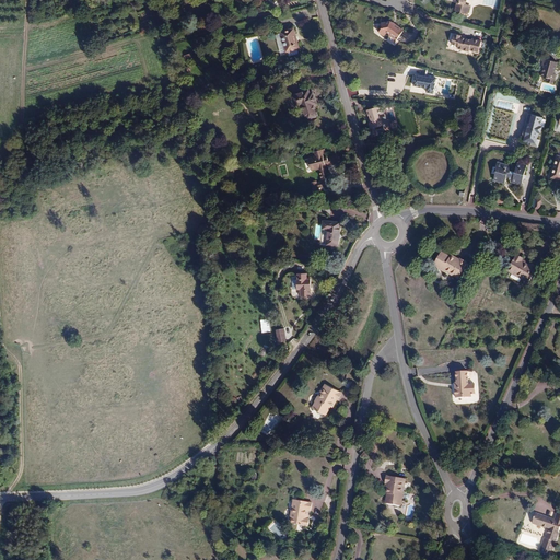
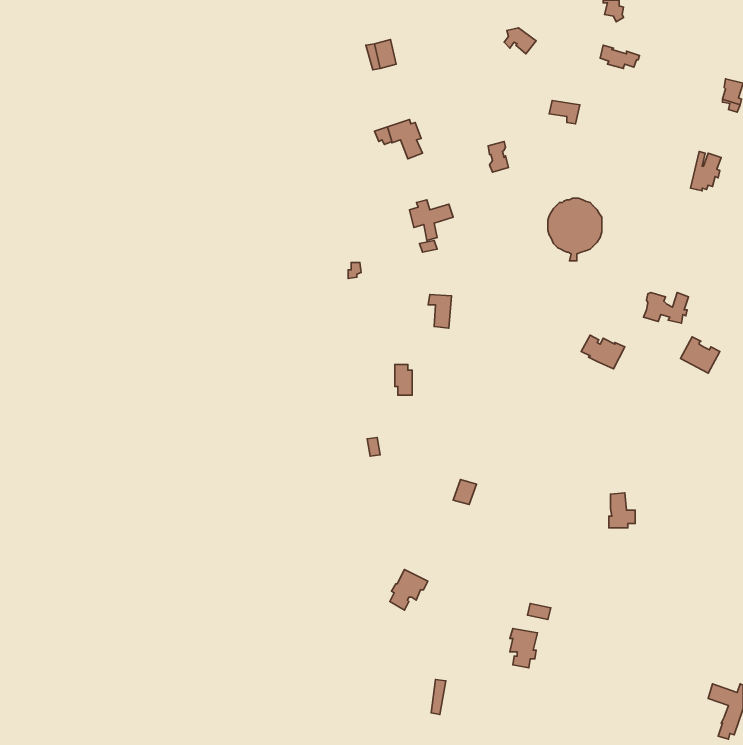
building: [492,162,526,185] -> [643,292,689,323]
building: [310,380,338,410] -> [390,569,428,610]
building: [288,495,311,523] -> none

